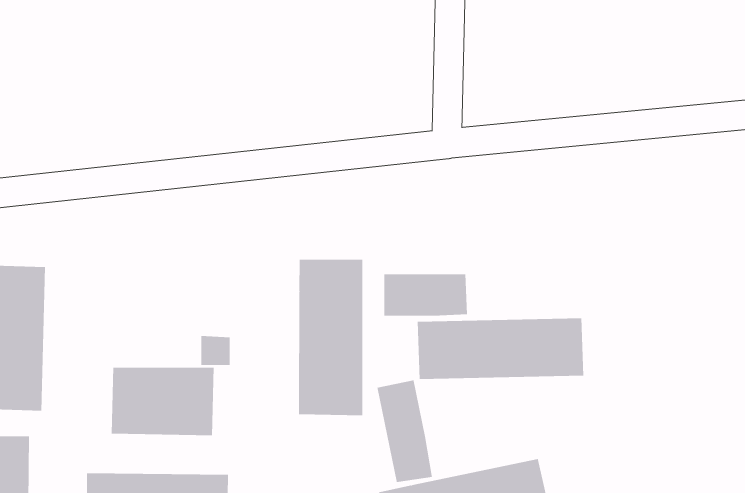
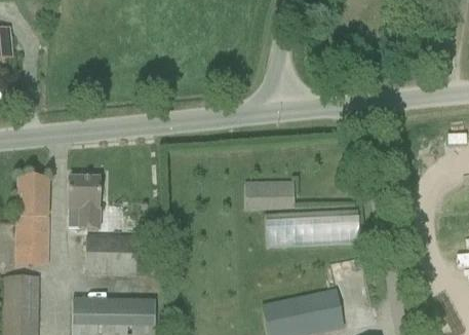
building: [299,259,363,416] -> none
building: none -> [68,177,100,227]
building: [377,380,432,483] -> none

